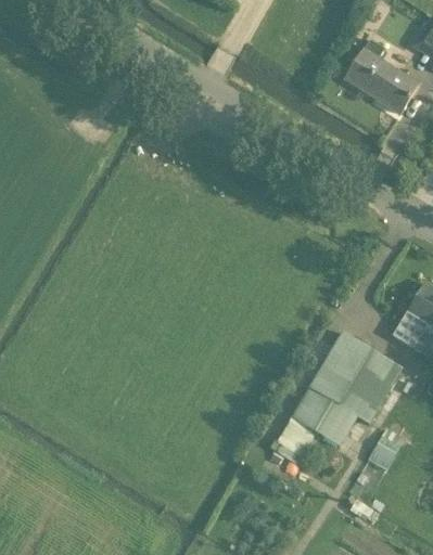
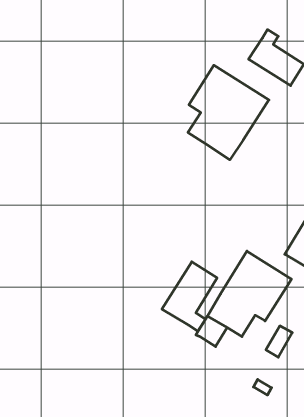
building: none -> [188,65,269,160]
building: none -> [162,262,217,331]

